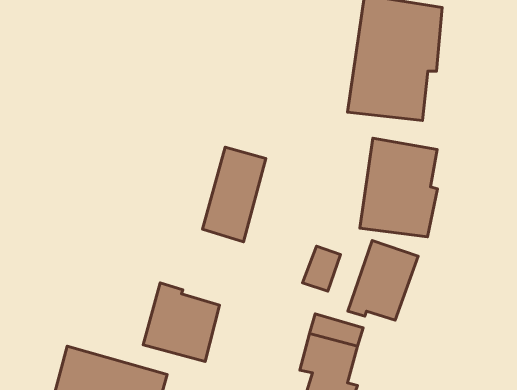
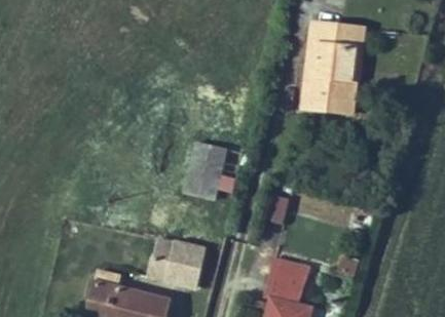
building: [360,138,438,237] -> none
building: [348,240,418,320] -> none

